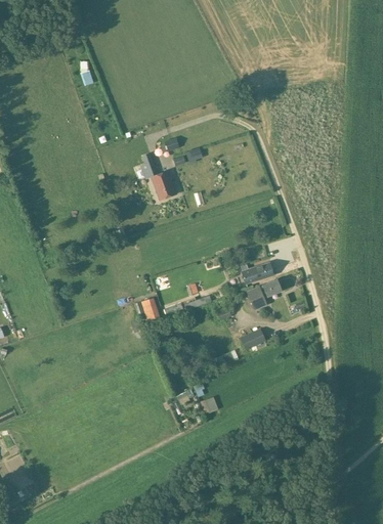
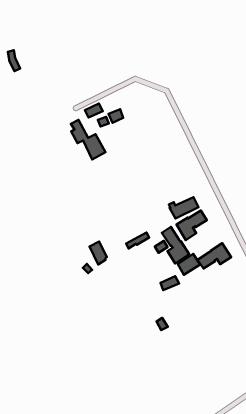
building: none -> [162,227,189,264]
building: none -> [198,243,231,269]

